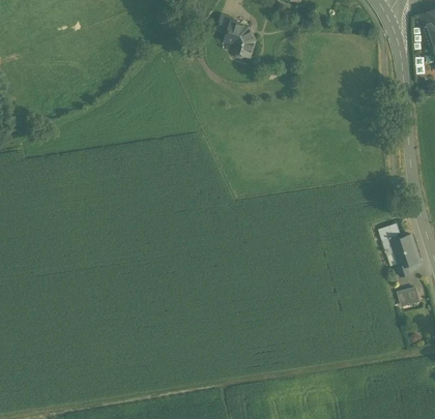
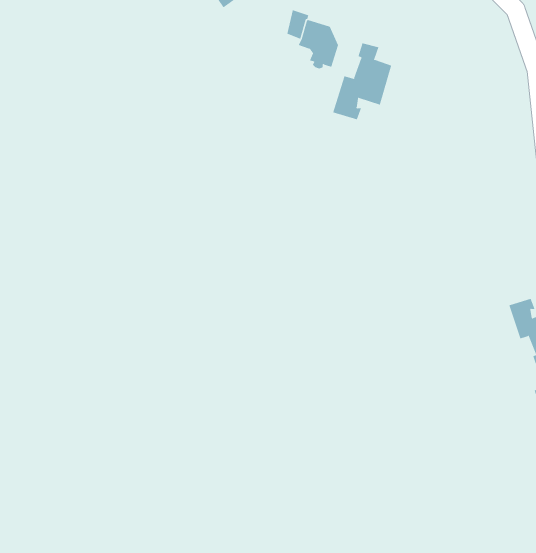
building: none -> [333,42,392,120]

